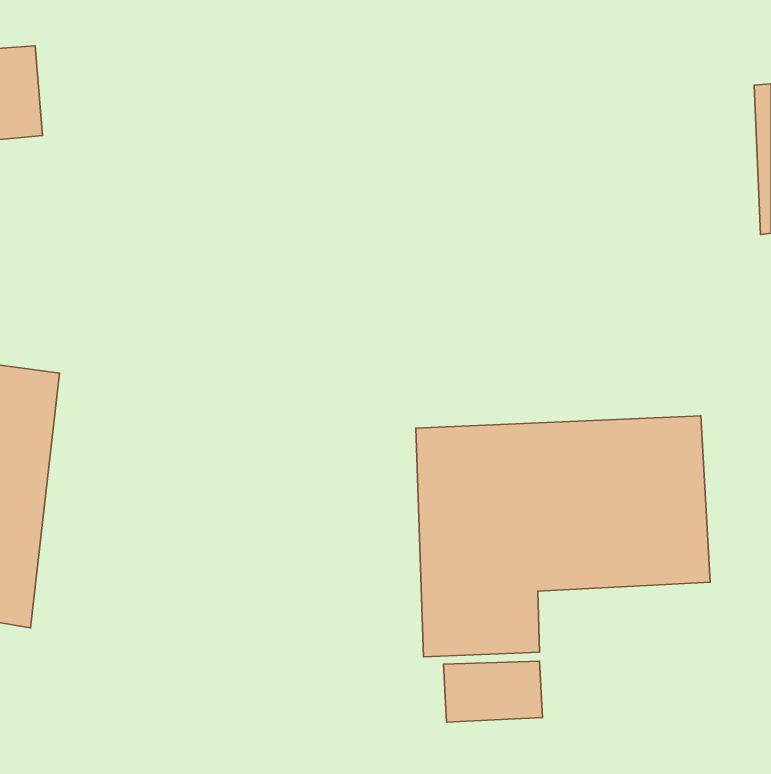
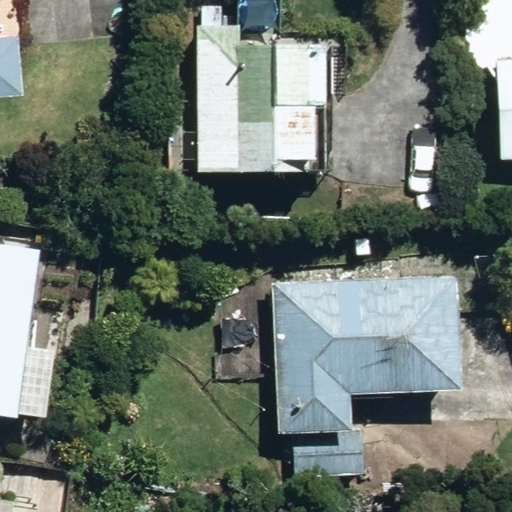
building: none -> [196,23,333,171]

